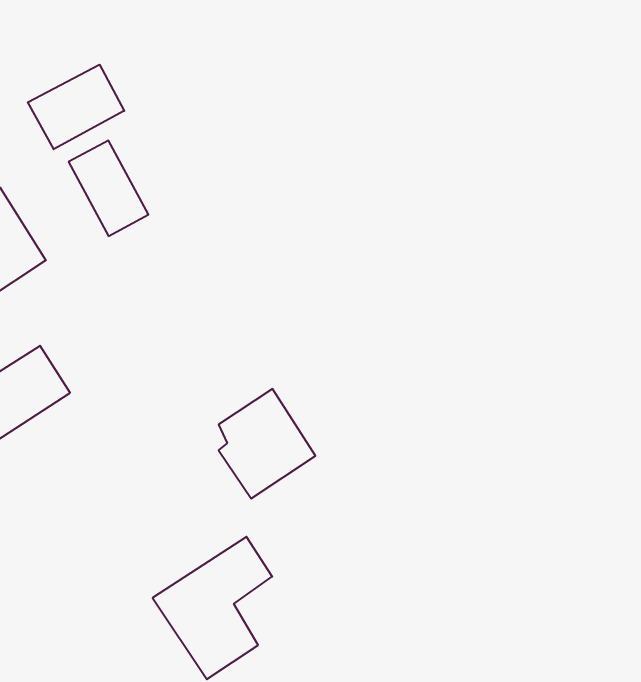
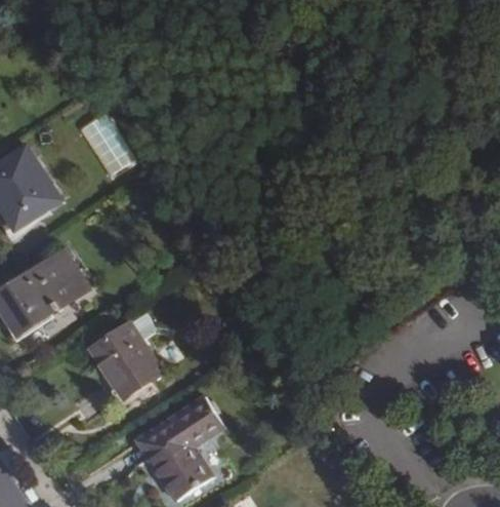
building: [28,65,124,149] -> none
building: [219,389,315,499] -> [93,323,163,402]

